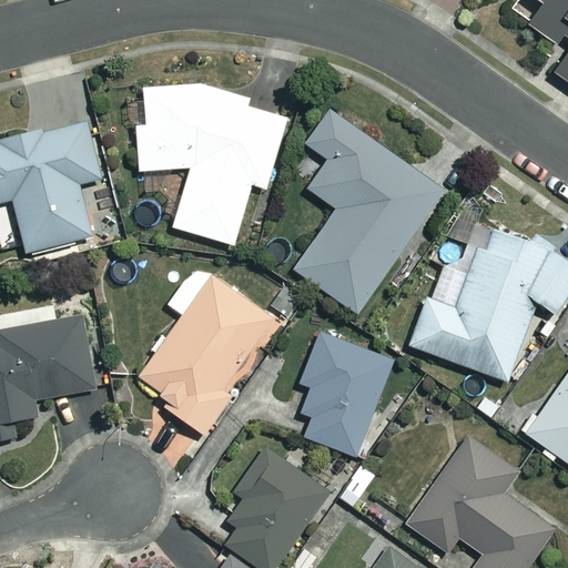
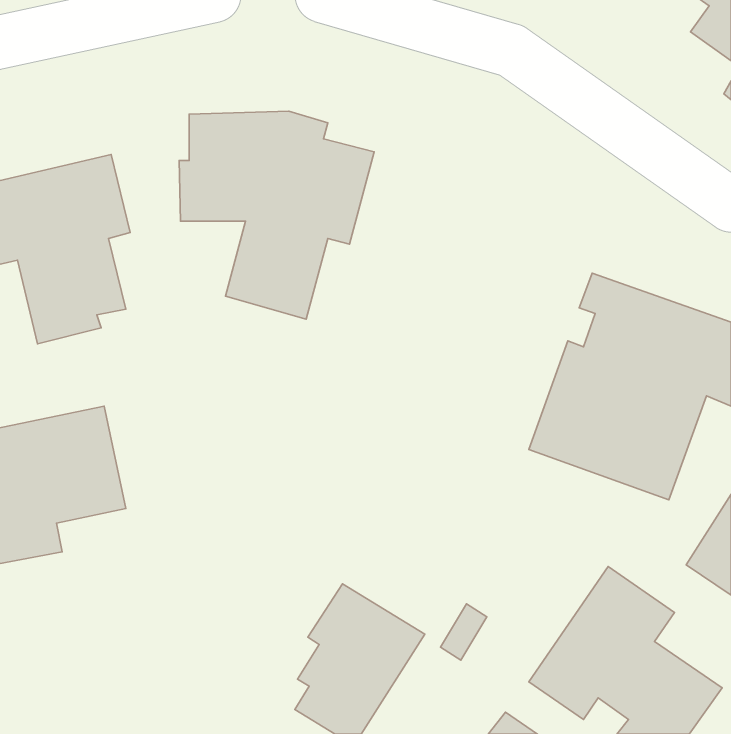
building: [295,110,443,312] -> none
building: [140,264,275,434] -> none
building: [302,332,393,455] -> none

